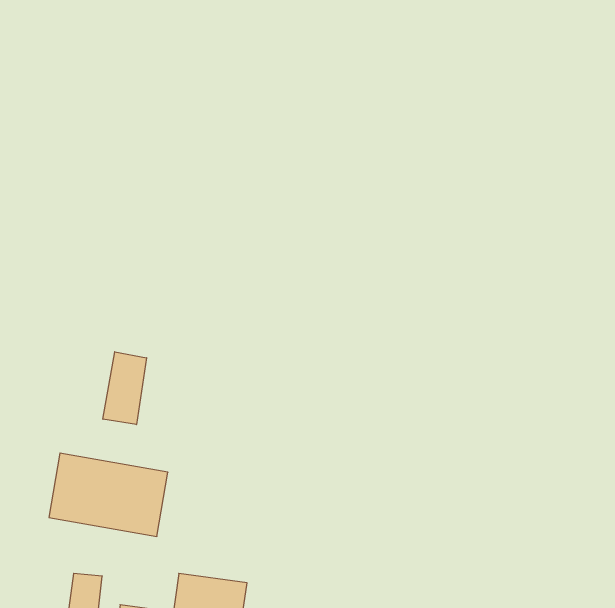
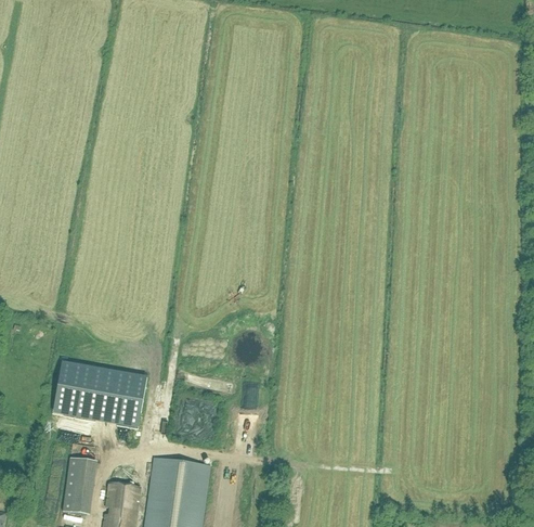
building: [103,352,147,425] -> none

